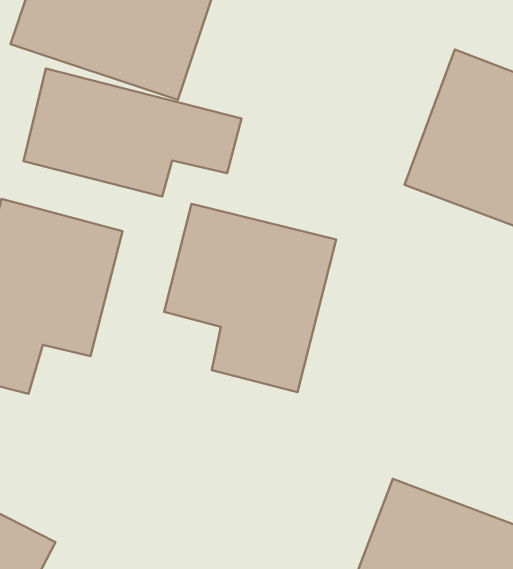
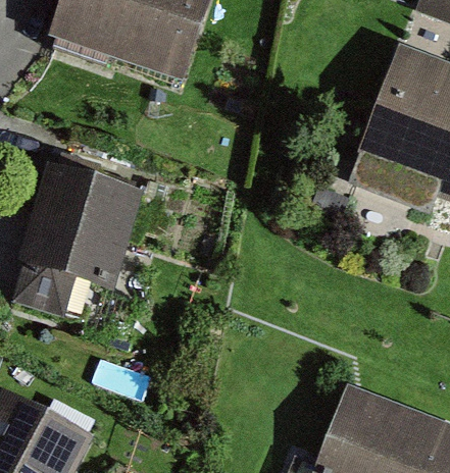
building: [24,68,242,196] -> none
building: [164,204,336,392] -> none

